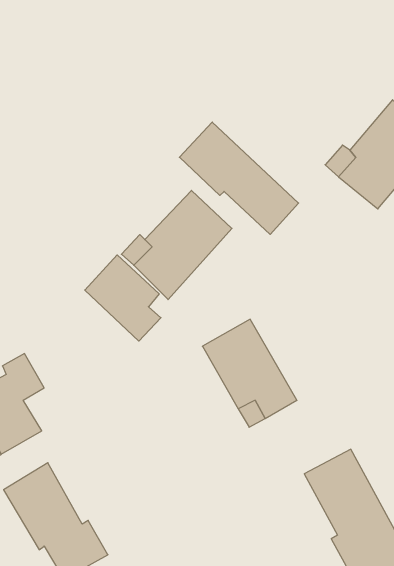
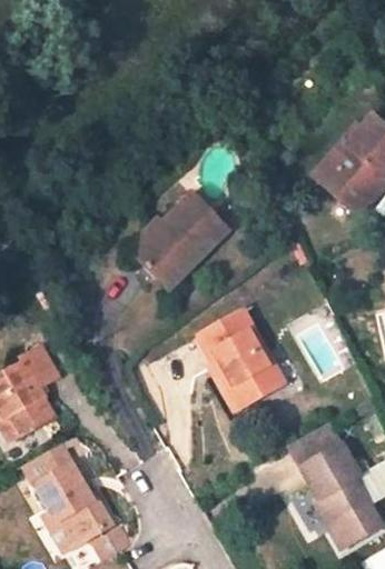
building: [179,122,299,234] -> none
building: [85,255,161,341] -> none

